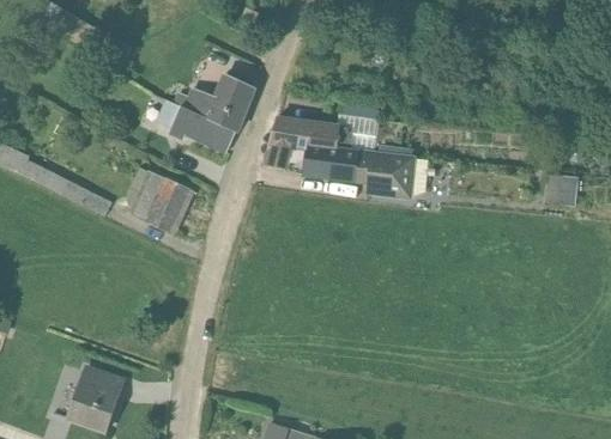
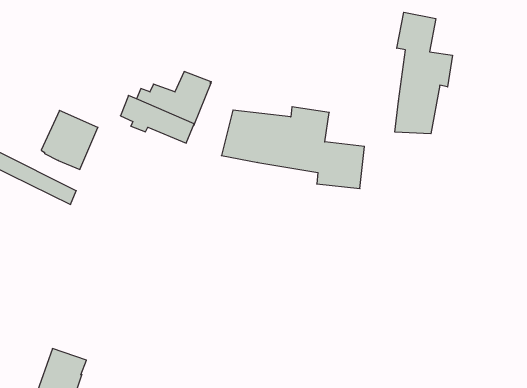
building: none -> [395,12,452,134]
building: [128,169,188,231] -> [41,110,98,169]
building: [544,172,577,206] -> none

